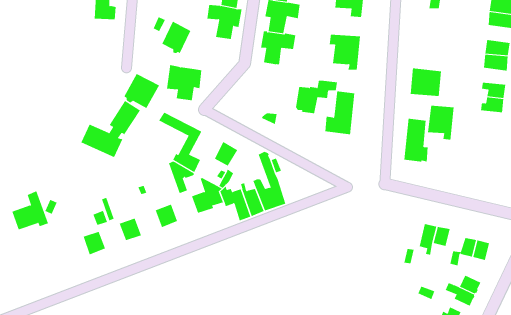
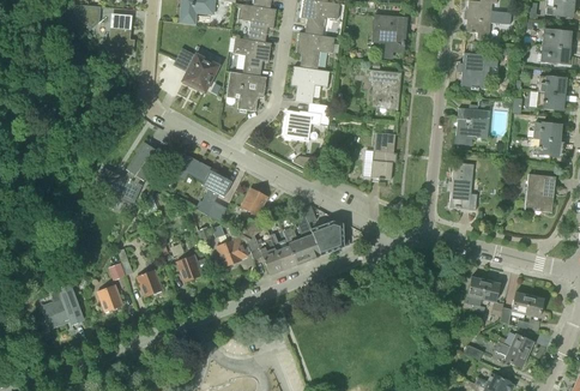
building: none -> [460,53,497,89]
building: [166,65,202,101] -> [226,71,266,110]
building: [123,73,160,109] -> none
building: [295,80,338,114] -> [284,103,331,140]
building: [427,105,454,140] -> [525,174,555,212]
building: none -> [312,221,343,255]
building: [12,191,49,230] -> [42,284,83,327]

